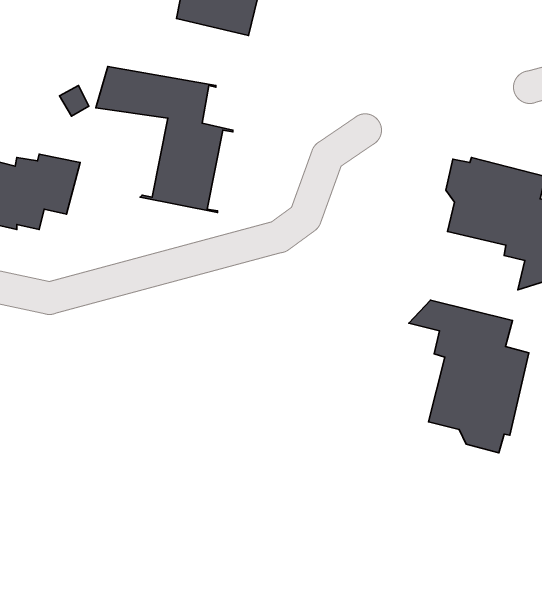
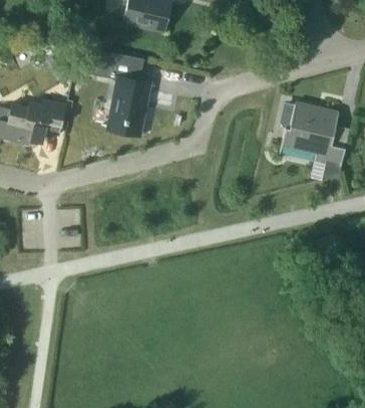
building: [409,300,529,453] -> none

